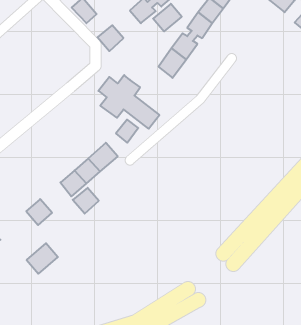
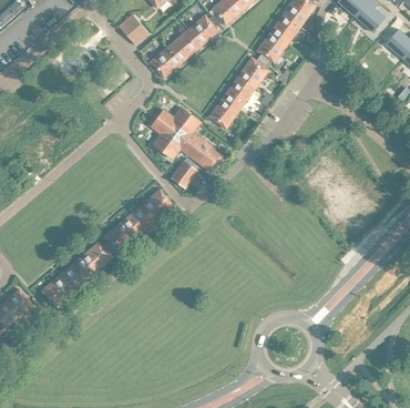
building: [153,4,182,31] -> [166,30,201,63]
building: none -> [208,98,238,129]
building: [73,188,99,214] -> [80,242,111,273]
building: [27,243,58,274] -> [40,271,78,307]

